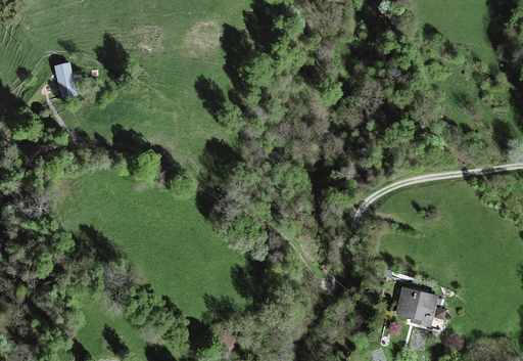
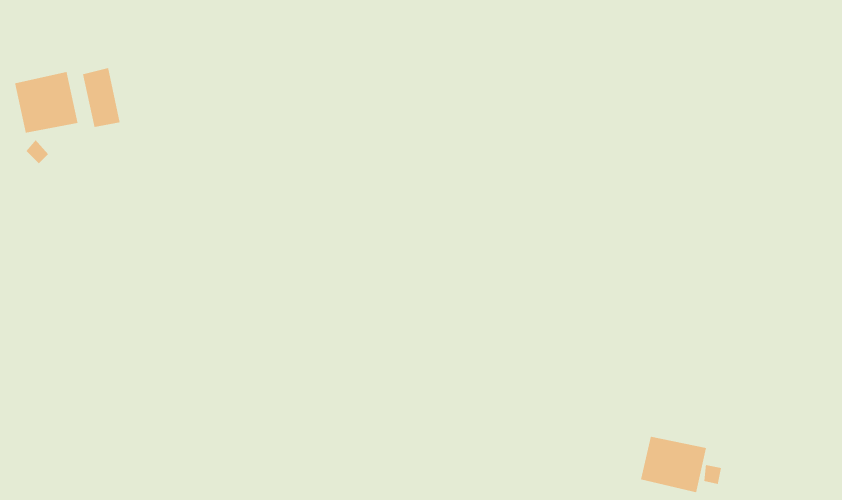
building: none -> [15,71,78,134]

